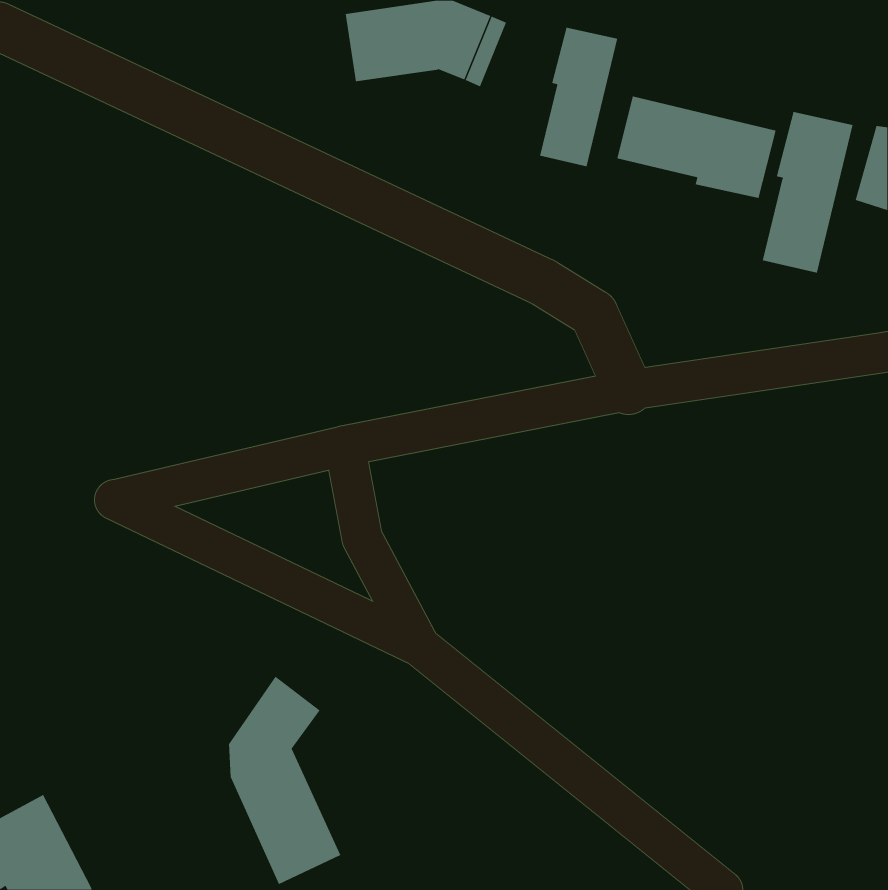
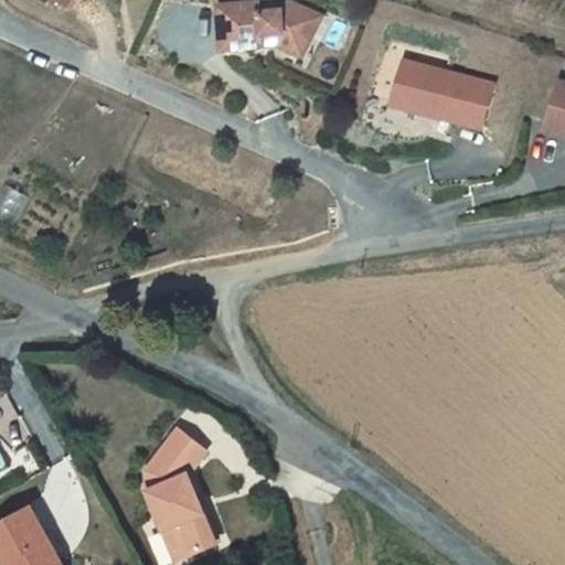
building: [539,27,618,167] -> none
building: [762,111,853,273] -> none

